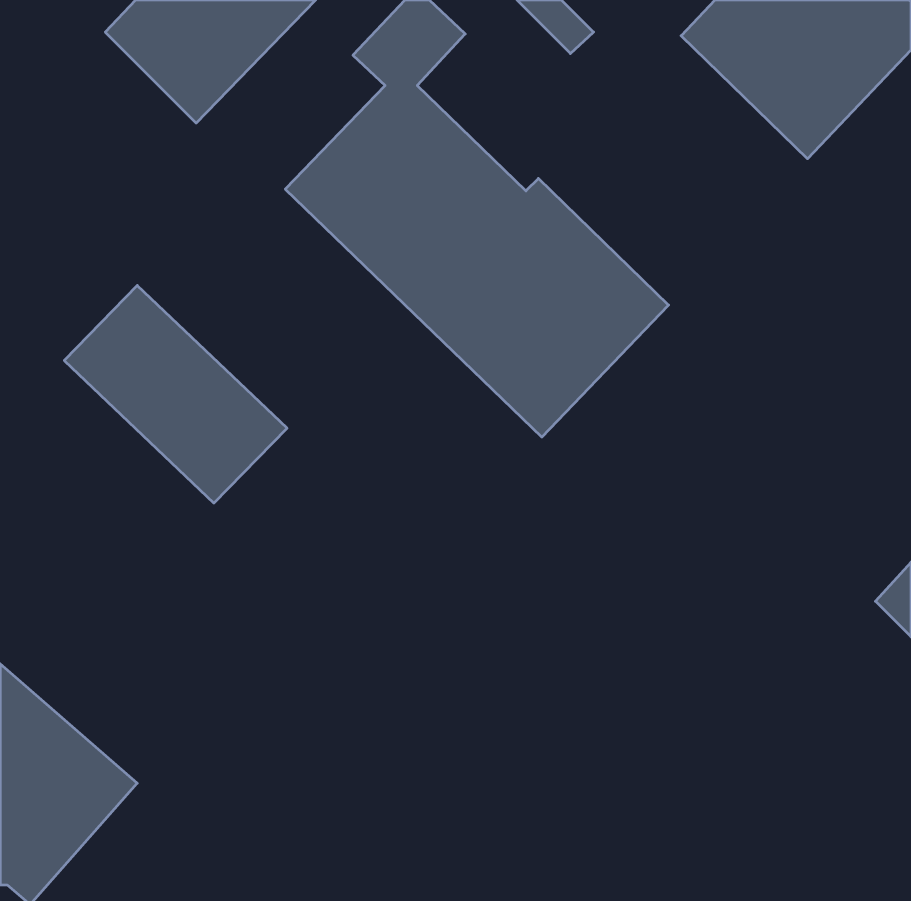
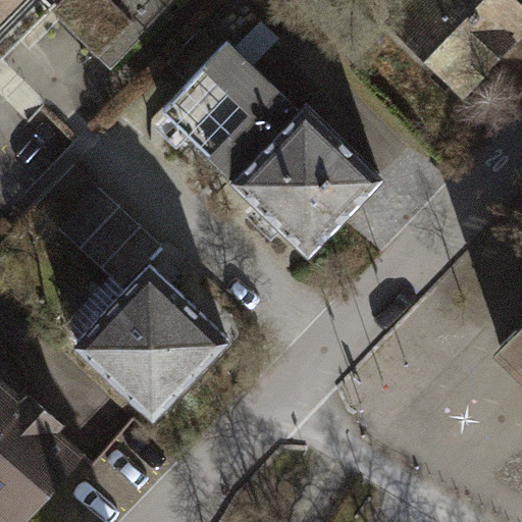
building: none -> [79,269,228,419]

